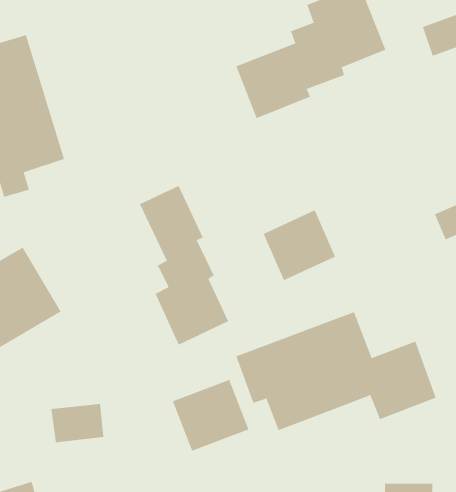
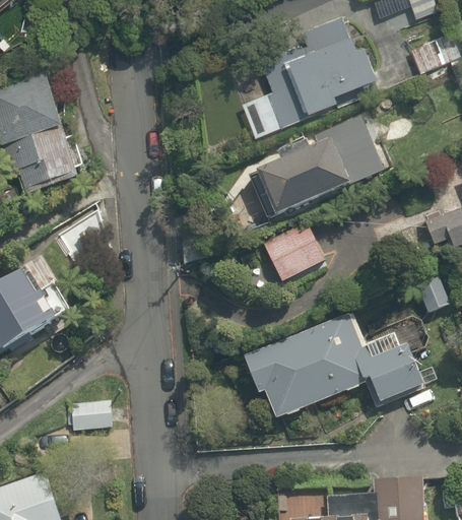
building: none -> [248,116,384,219]
building: [139,185,229,345] -> none
building: [172,379,249,451] -> none

